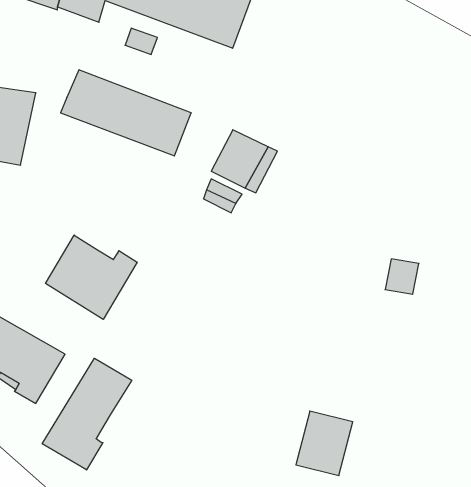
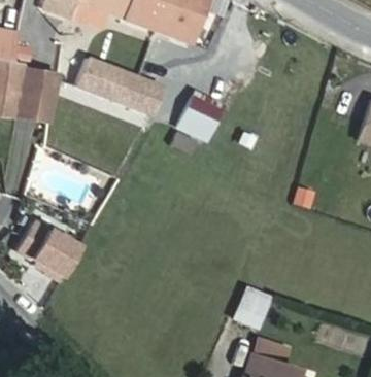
building: [46,235,137,319] -> none
building: [42,358,132,470] -> none

